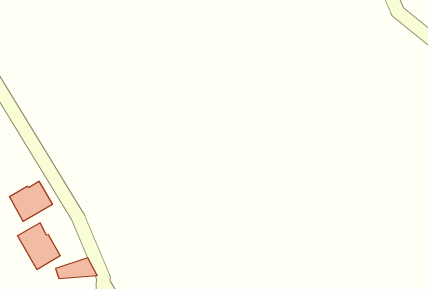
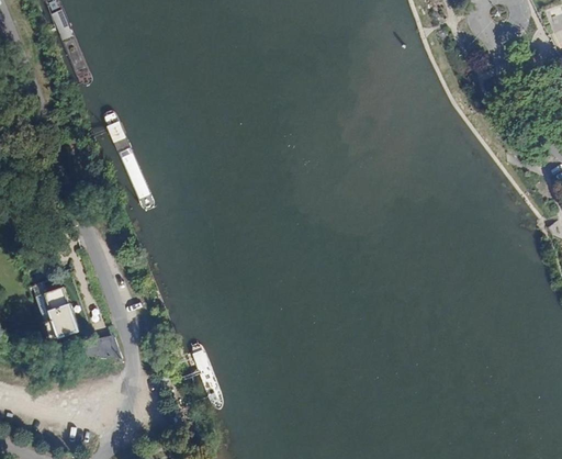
building: [9,181,52,221] -> none

